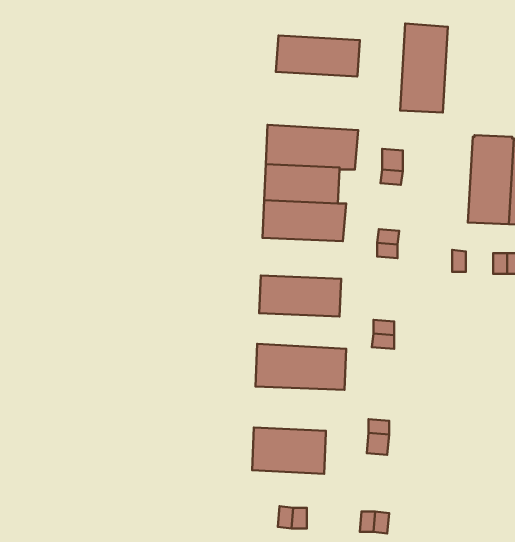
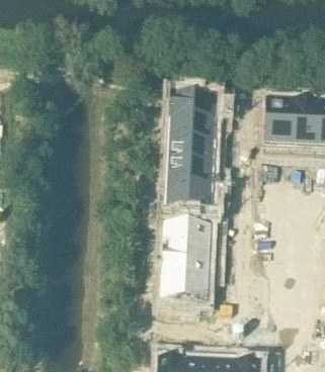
building: [400,23,448,112] -> [265,96,294,149]
building: [276,35,360,76] -> none
building: none -> [168,158,217,182]
building: none -> [164,246,218,273]

